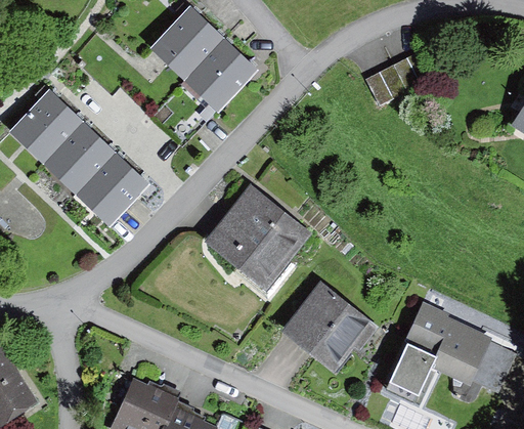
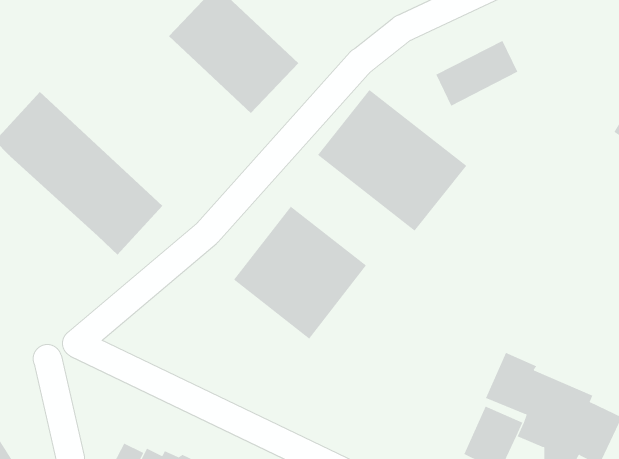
building: none -> [317,89,467,231]
building: [282,282,378,371] -> none

